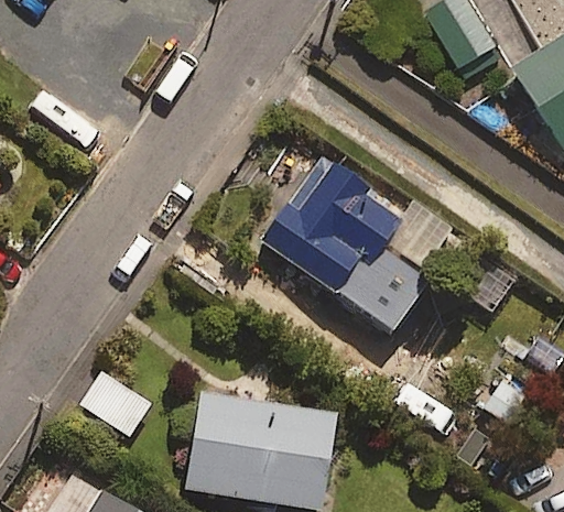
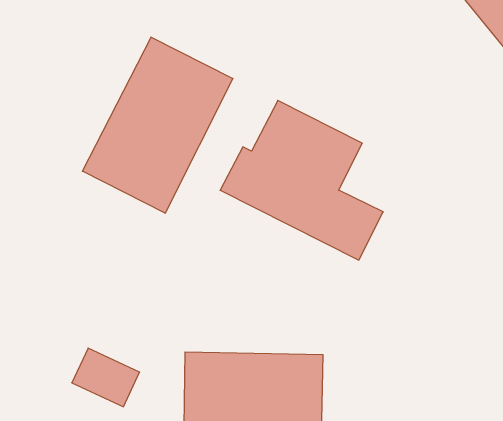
building: none -> [82,37,233,213]

